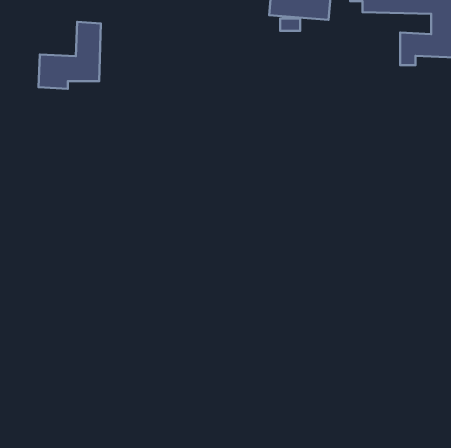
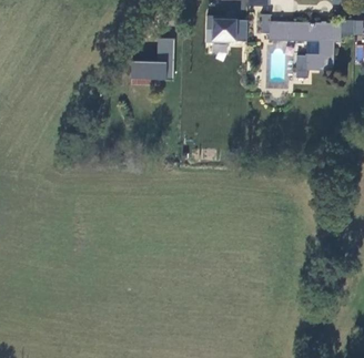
building: [38,22,101,89] -> [129,38,173,85]

